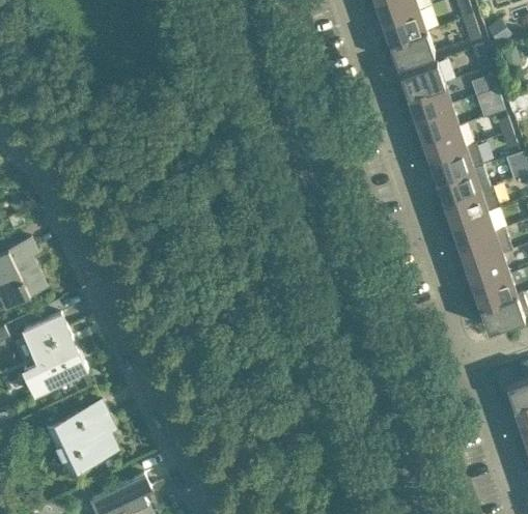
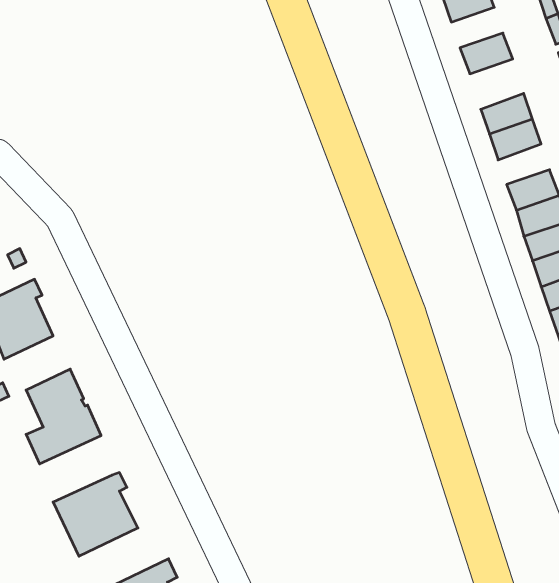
building: [382,10,425,45] -> none
building: [399,61,455,96] -> none
building: [421,125,465,160] -> none

